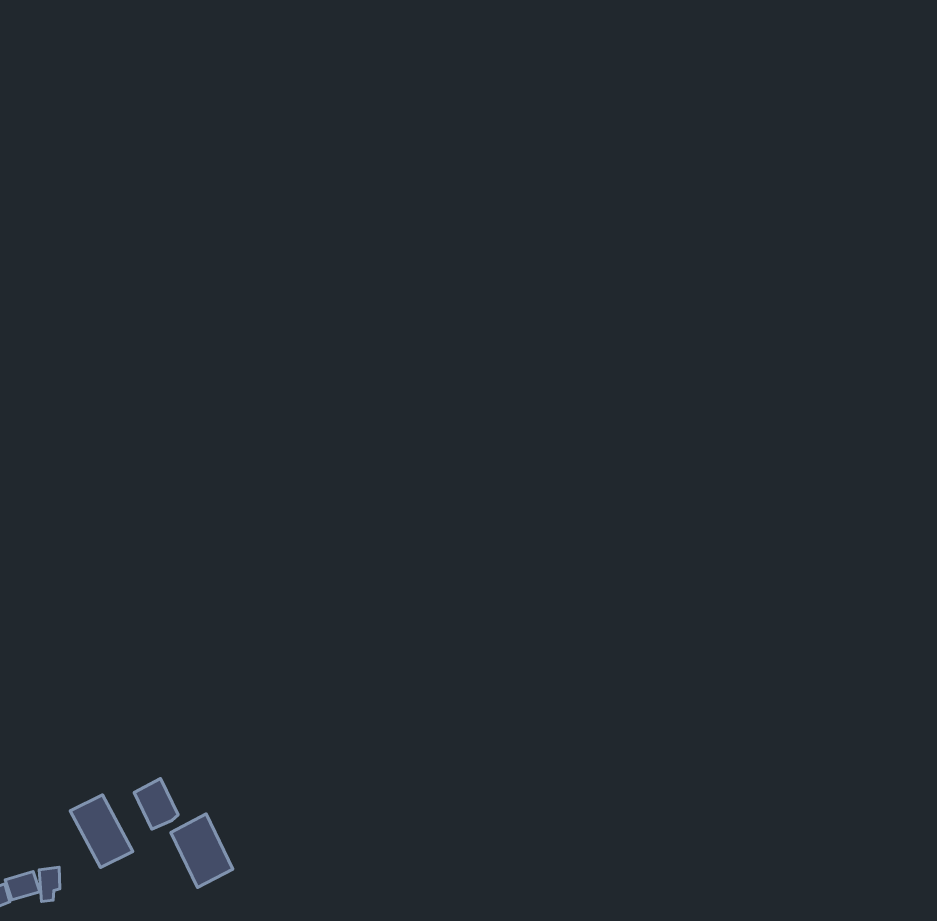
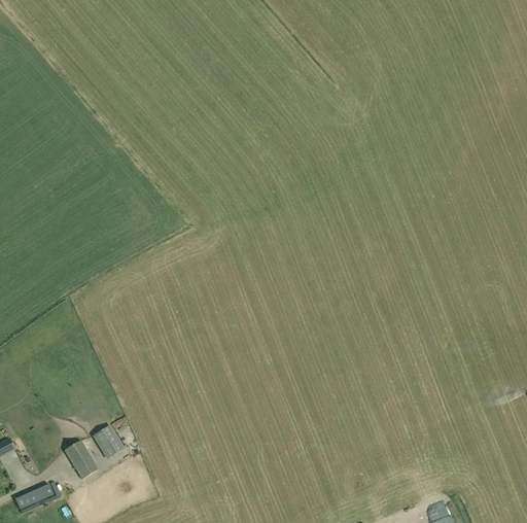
building: [171,814,233,888] -> none

